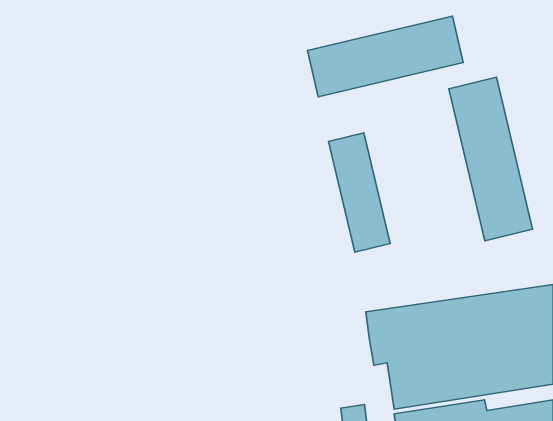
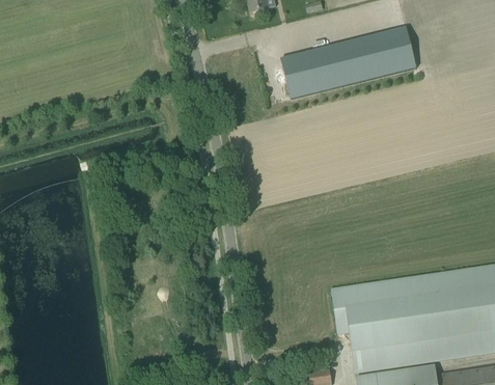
building: [449,77,533,241] -> none
building: [329,133,390,252] -> none

